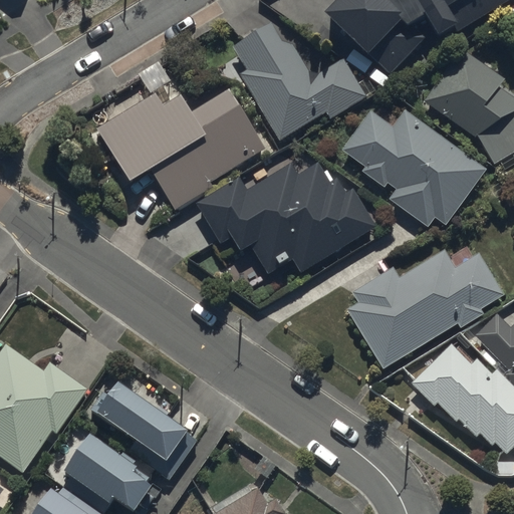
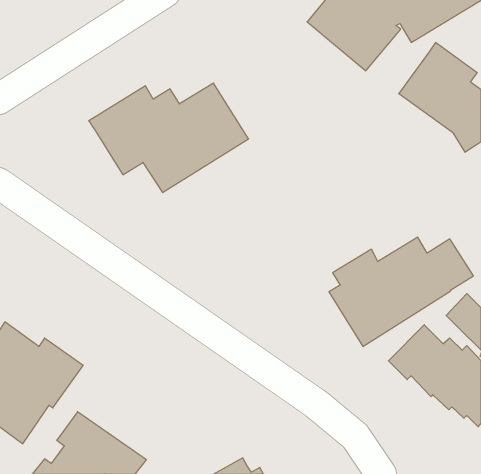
building: [234,22,366,139] -> none
building: [342,109,487,227] -> none
building: [196,164,377,275] -> none
building: [91,379,193,469] -> none

